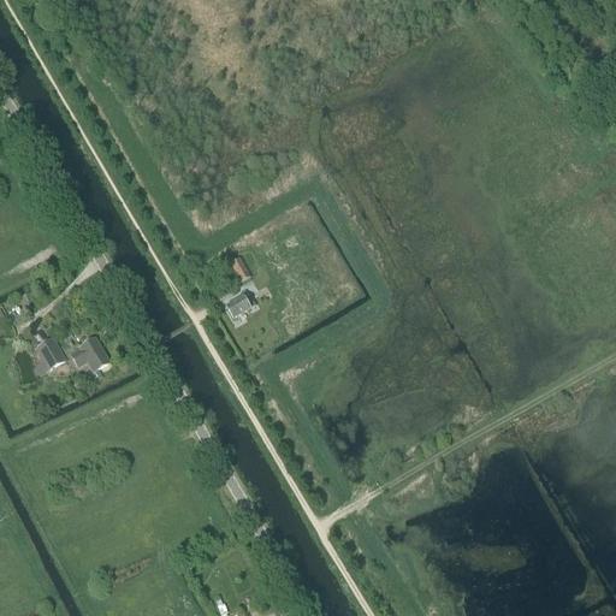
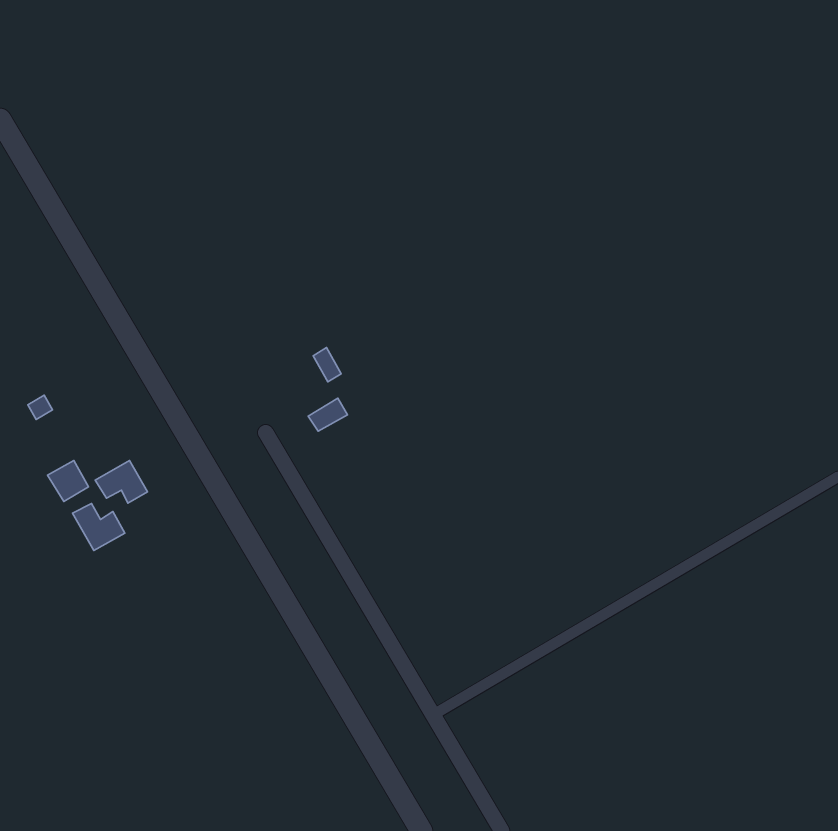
building: none -> [73,504,125,550]

